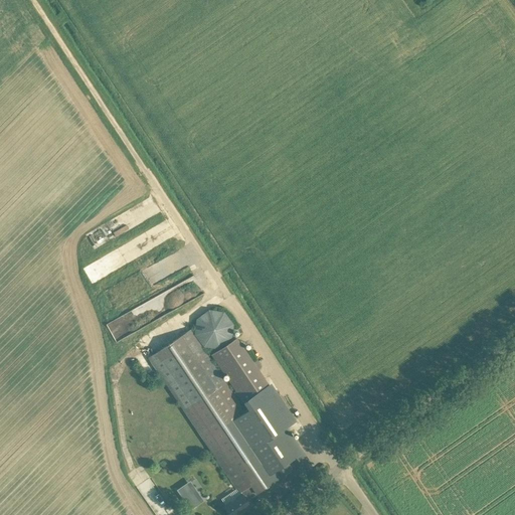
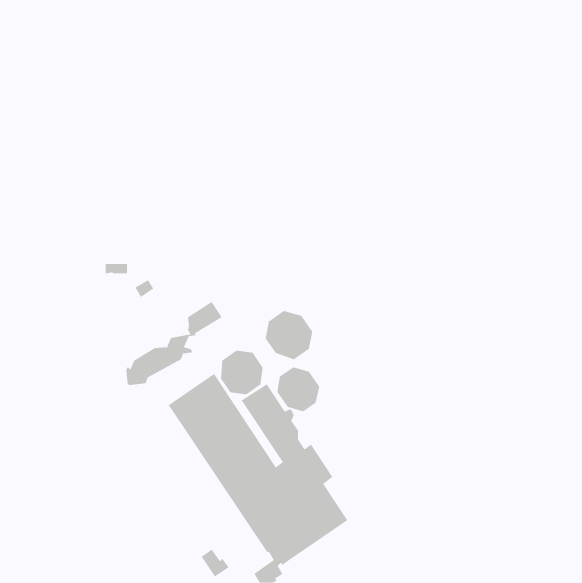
building: none -> [265,310,313,360]
building: none -> [277,366,320,412]

